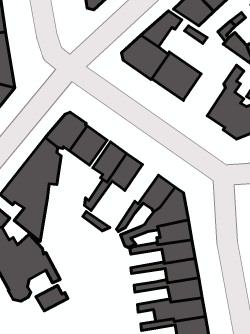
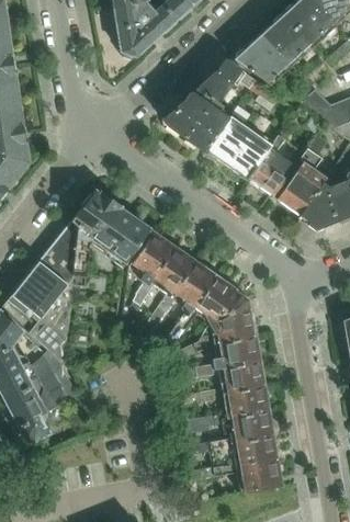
building: none -> [248,134,294,195]
building: none -> [142,262,215,334]
building: [36,285,68,311] -> none

